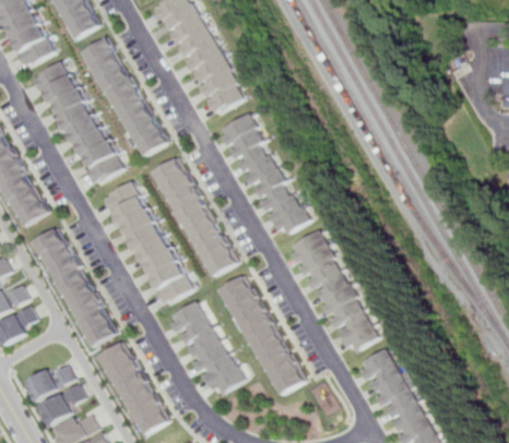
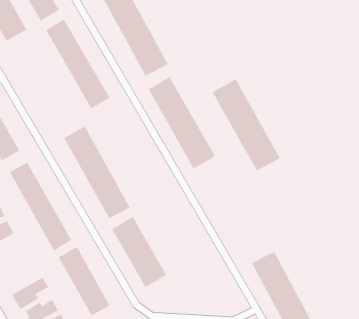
building: [34,59,125,183] -> none
building: [150,156,237,278] -> none
building: [286,229,379,355] -> [212,78,281,172]
building: [217,274,301,396] -> none
building: [24,363,74,402] -> none

